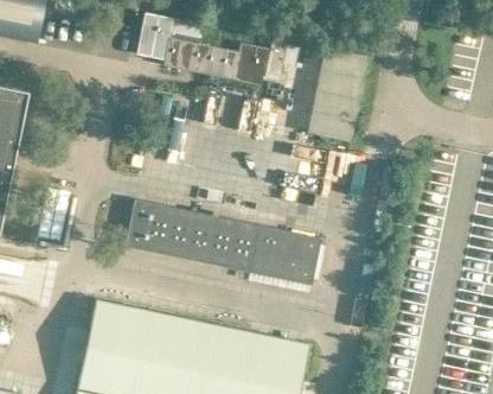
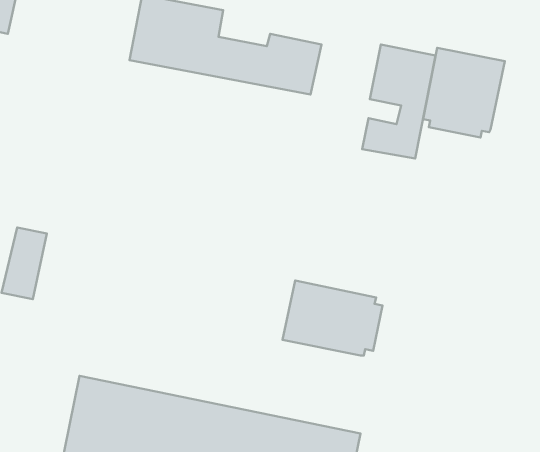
building: none -> [423,48,505,138]
building: [126,201,258,272] -> none

